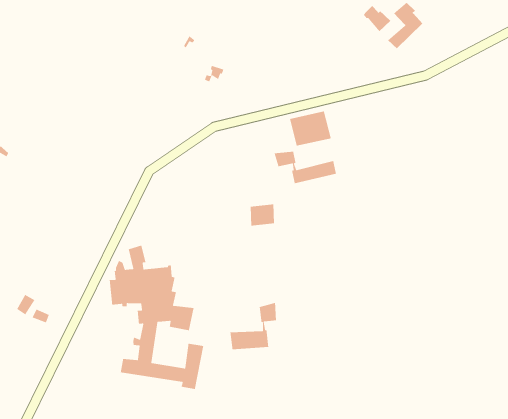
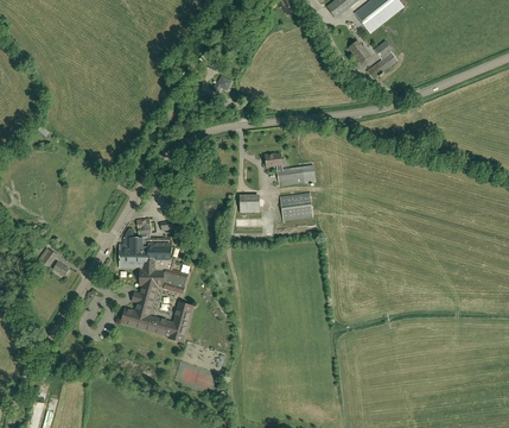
building: [289,110,332,147] -> [280,194,313,221]
building: [229,302,277,350] -> none

